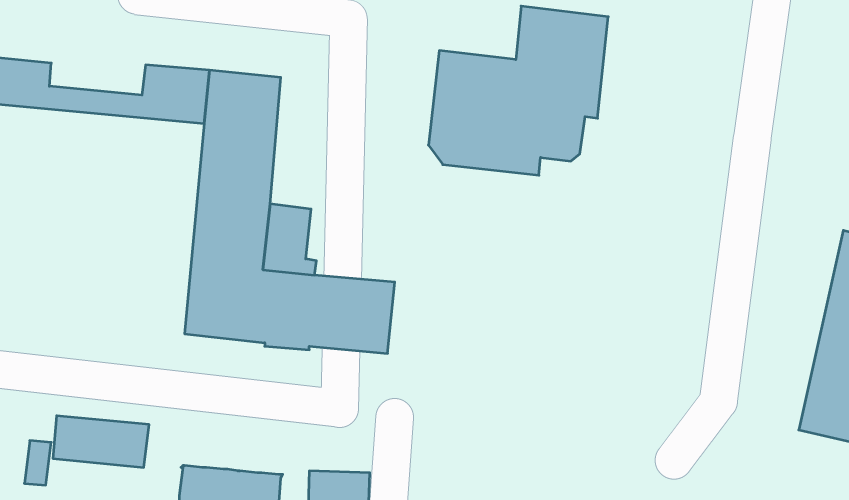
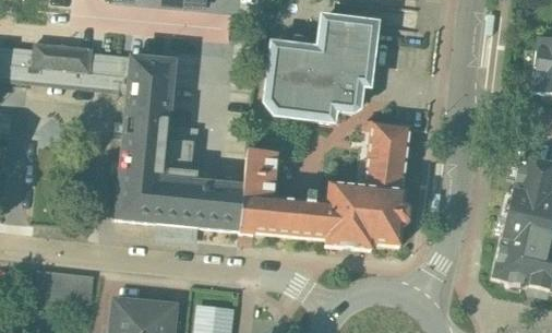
building: none -> [34,41,93,71]
building: none -> [240,119,411,249]

